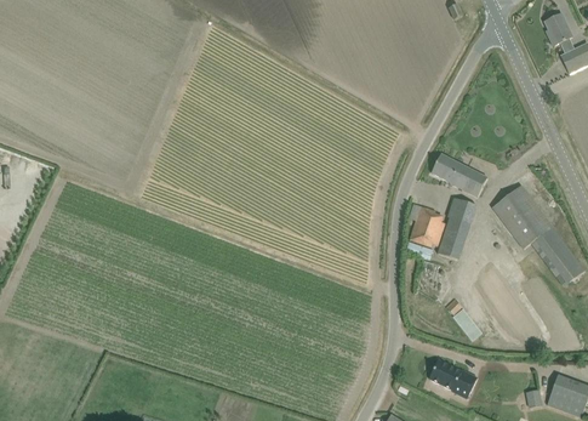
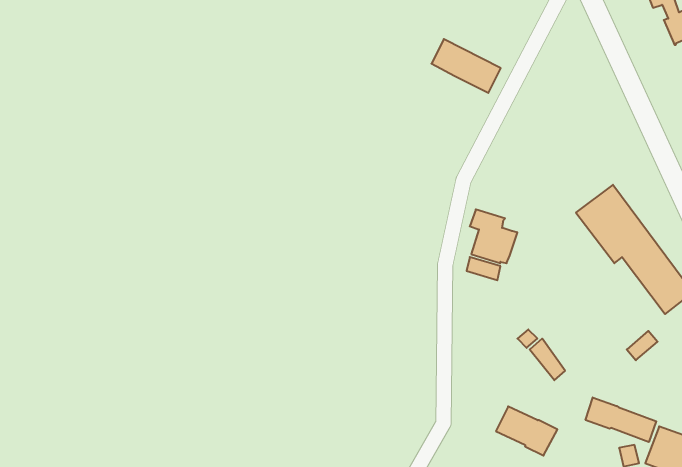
building: [432,153,486,195] -> [431,39,501,93]
building: [438,198,476,258] -> none
building: none -> [586,397,656,442]

